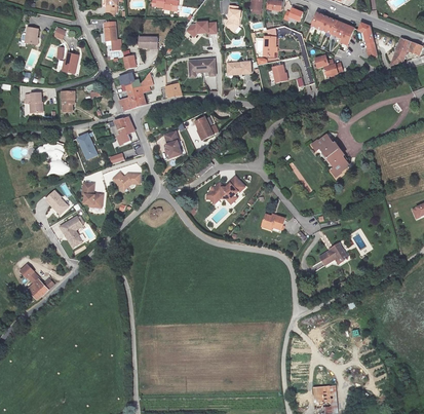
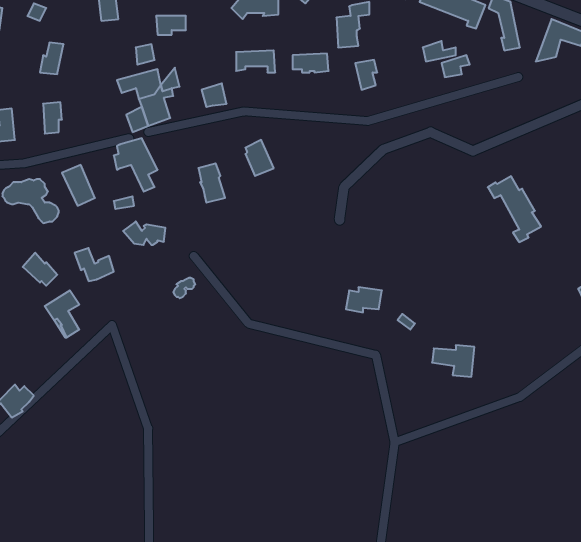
building: [313,136,348,179] -> [488,176,541,242]
building: [204,176,246,203] -> none

